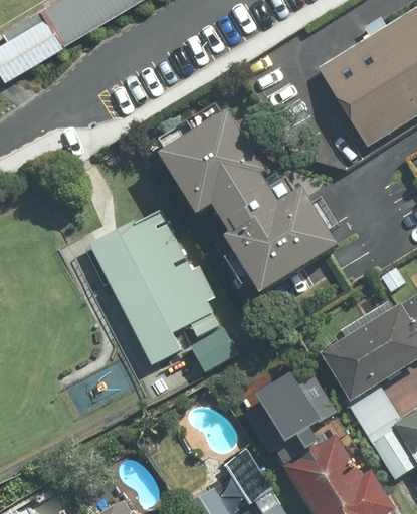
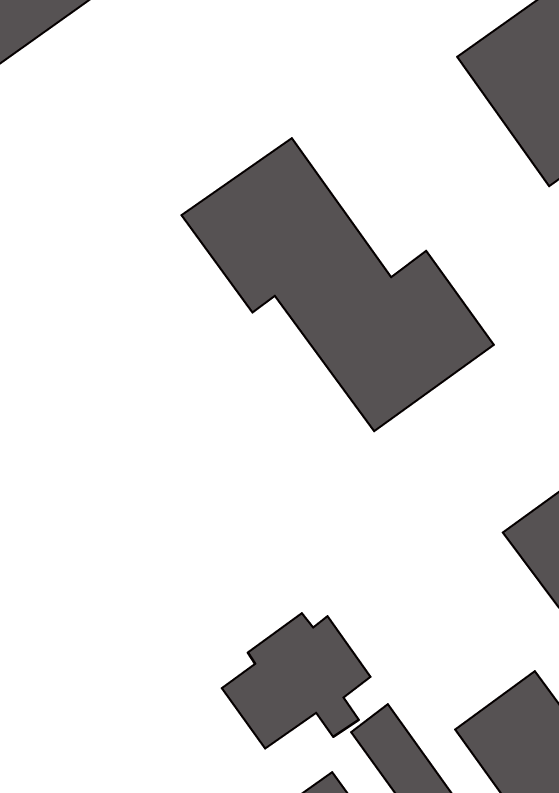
building: [92,225,214,378] -> none
building: [247,371,337,451] -> [222,613,371,749]

